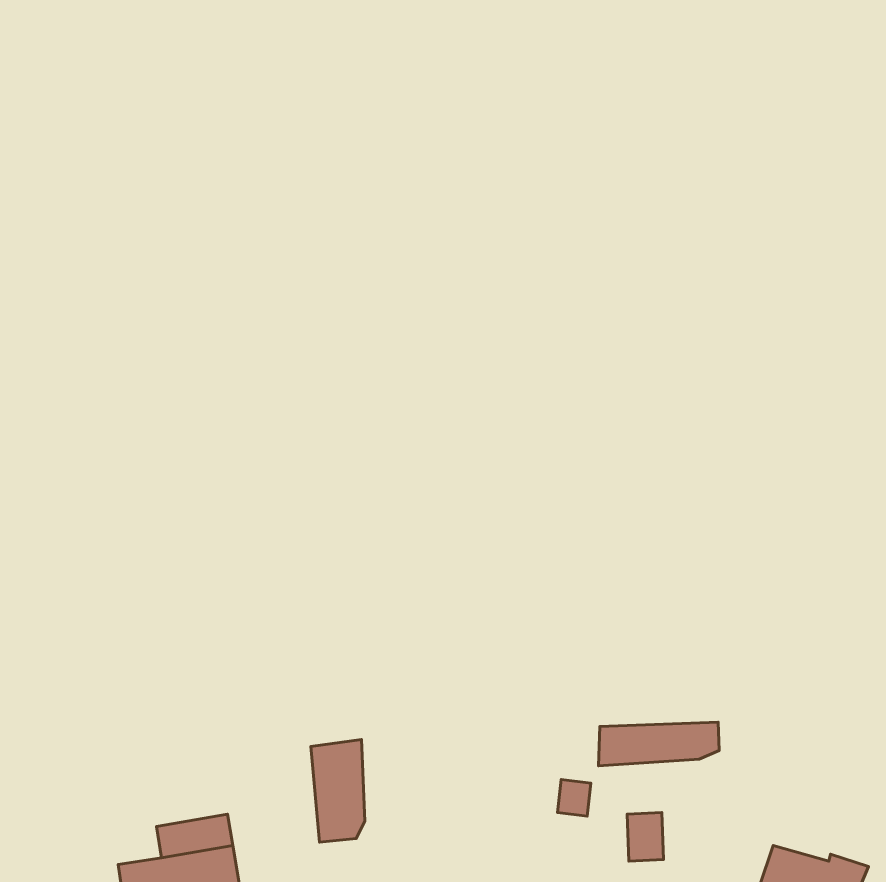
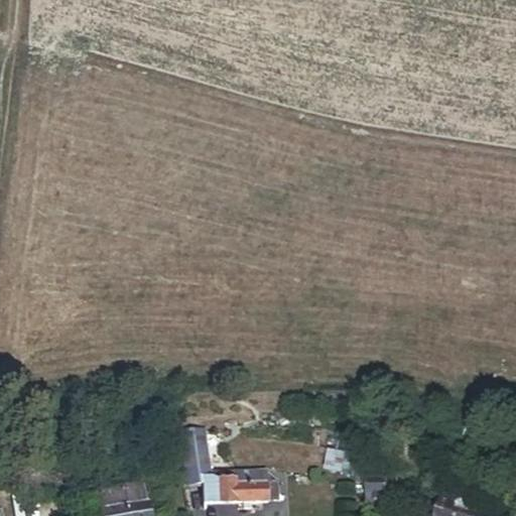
building: [598,722,719,766] -> none
building: none -> [207,473,279,511]

